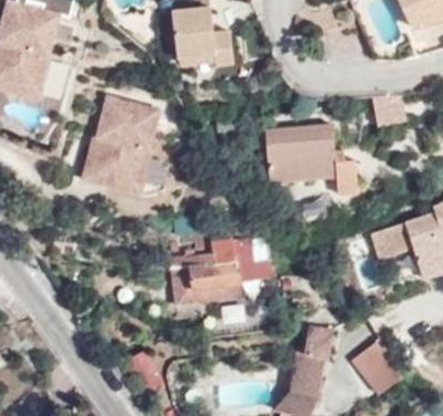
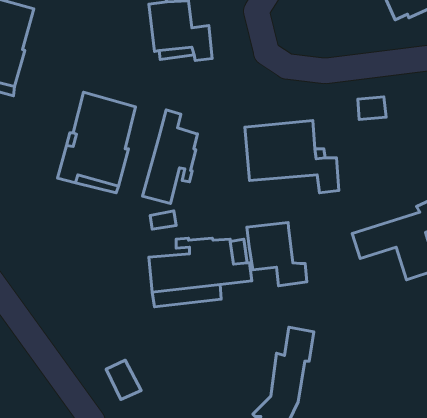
building: none -> [142,110,197,203]
building: none -> [247,222,307,286]
building: [353,340,405,394] -> none

